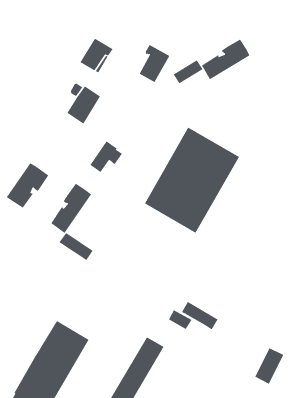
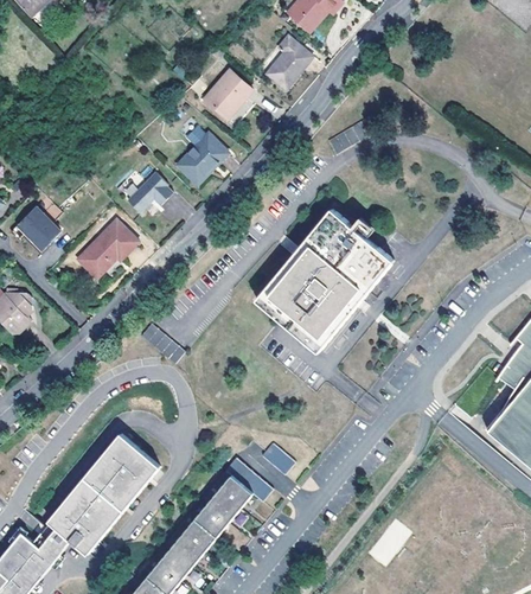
building: [201,39,250,80] -> none
building: [139,44,170,83] -> [269,37,314,89]
building: [89,140,123,173] -> [128,171,174,212]
building: [50,183,92,234] -> none
building: [181,301,219,330] -> [229,459,276,503]

